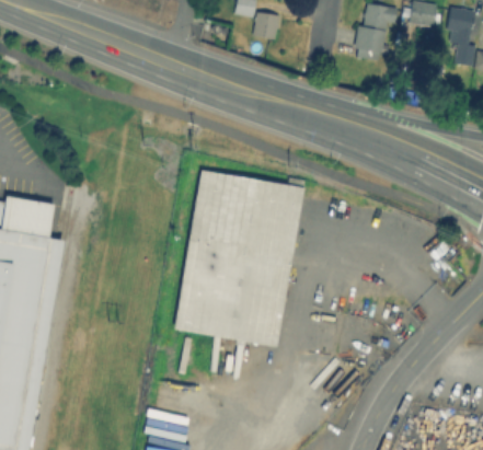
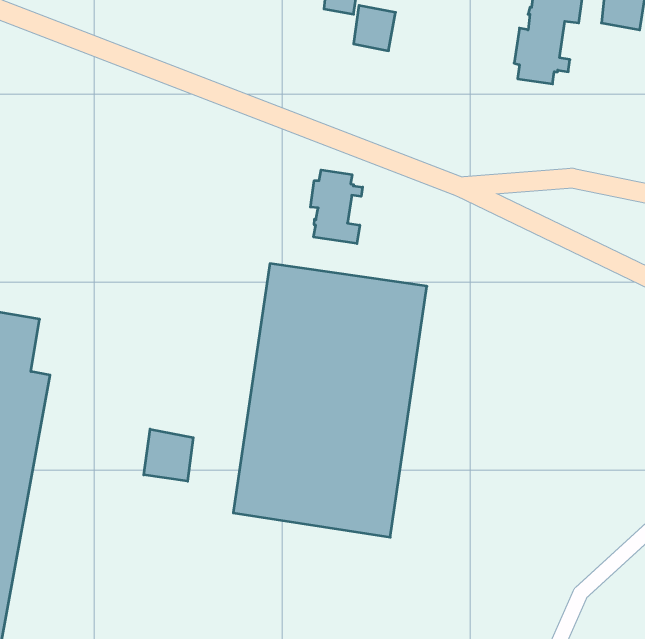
building: none -> [310,170,363,244]
building: none -> [144,429,193,481]

